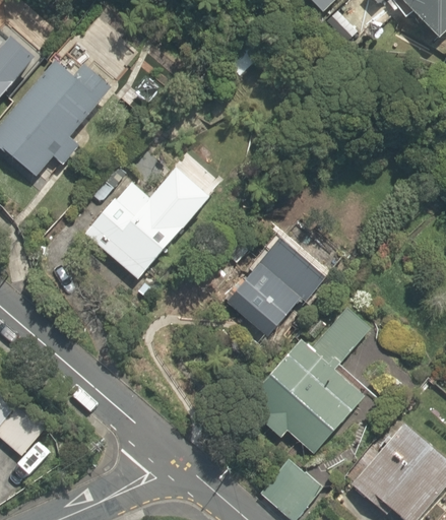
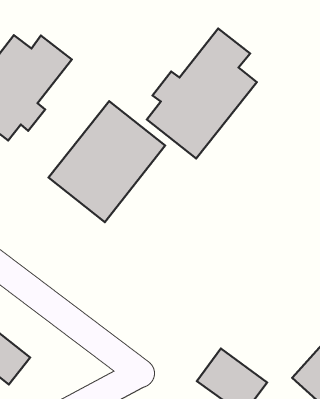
building: none -> [147,28,257,158]
building: [220,242,320,337] -> none
building: [251,308,373,456] -> none

